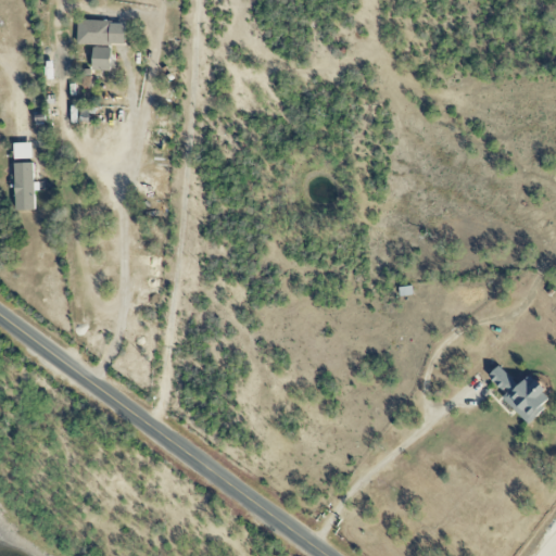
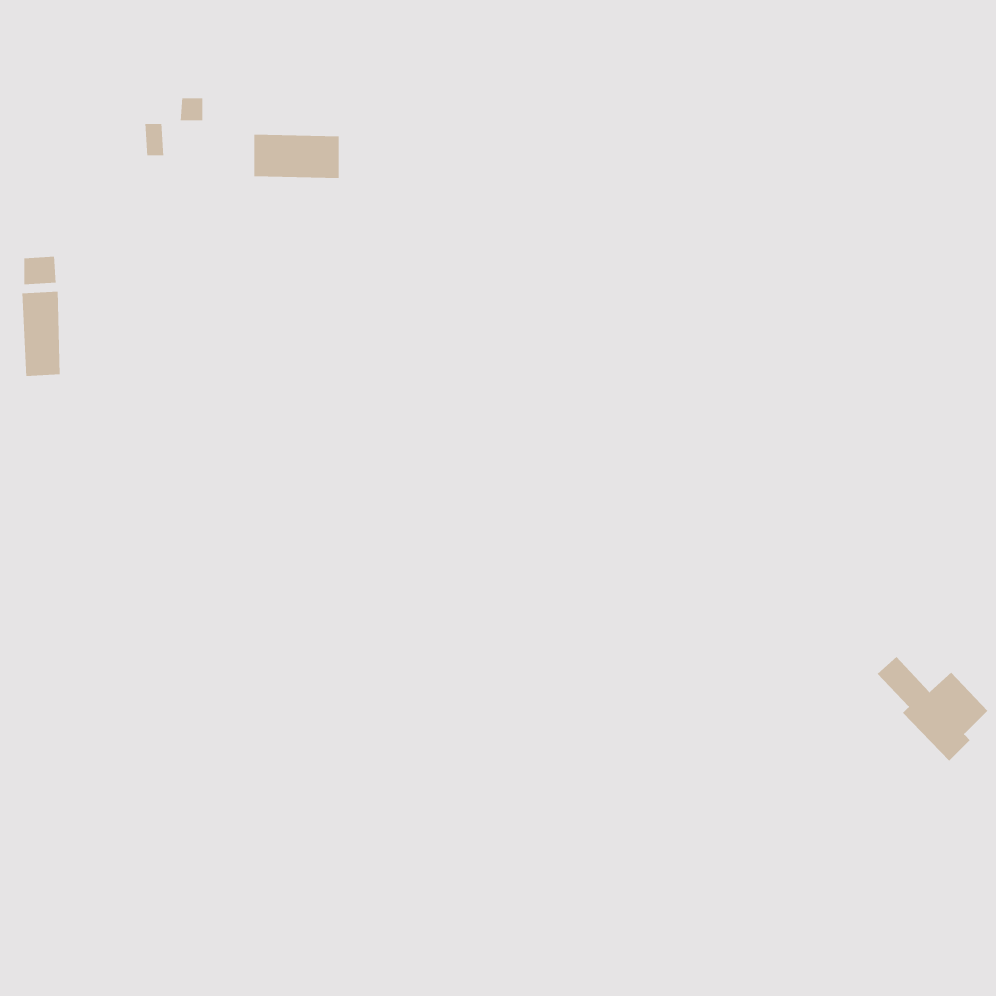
building: [76,20,124,45] -> [254,134,340,179]

